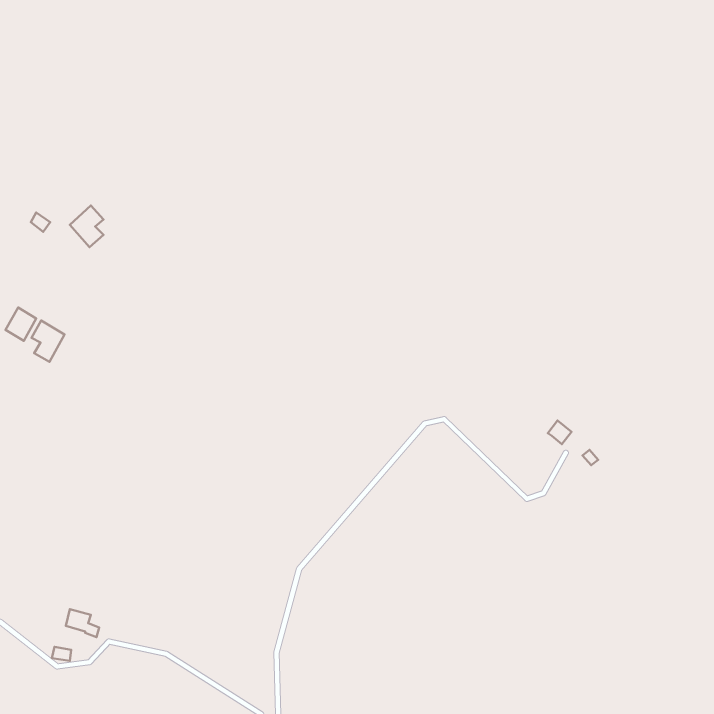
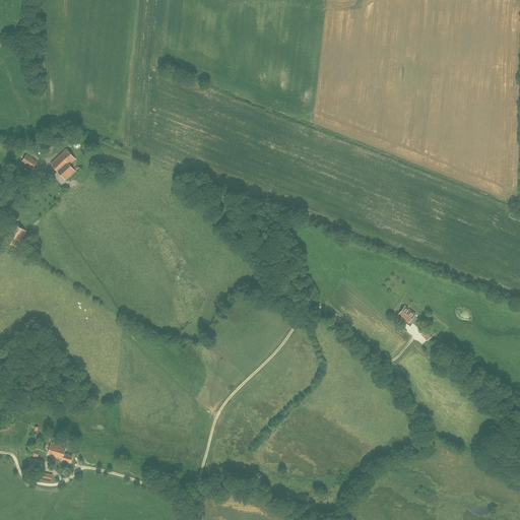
building: [31,321,65,362] -> none

